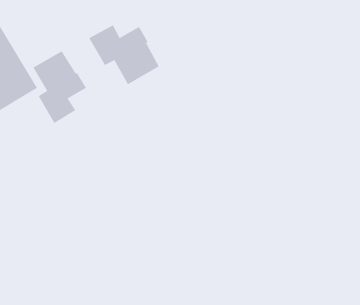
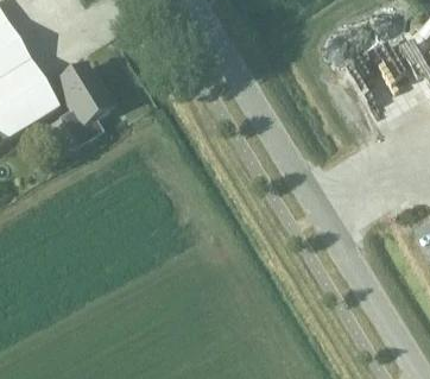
building: [88,24,159,85] -> none

